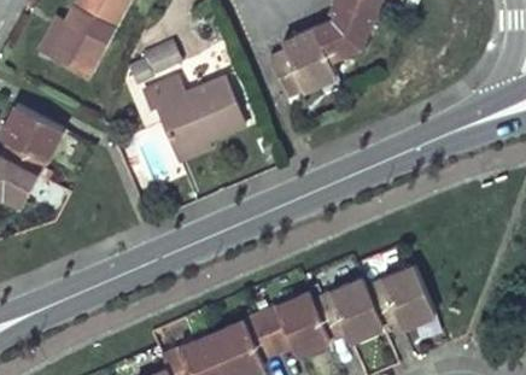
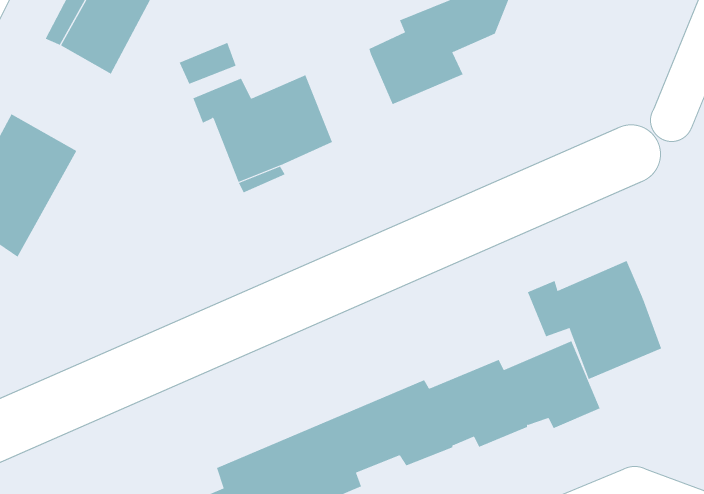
building: none -> [527,260,662,380]

